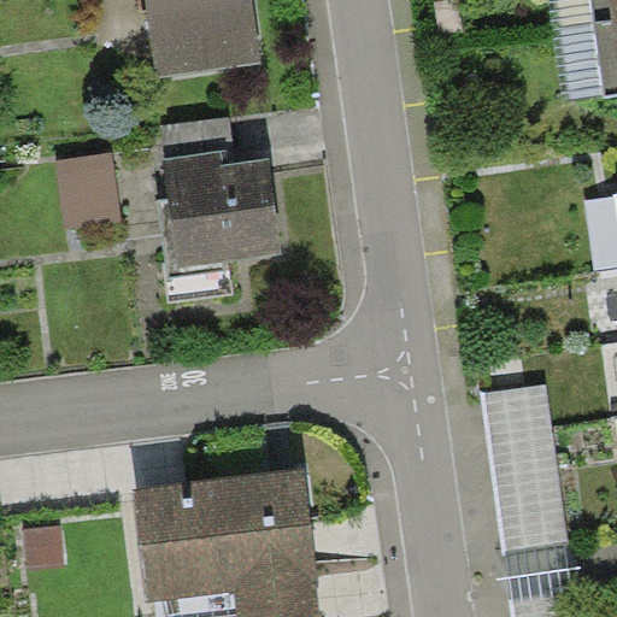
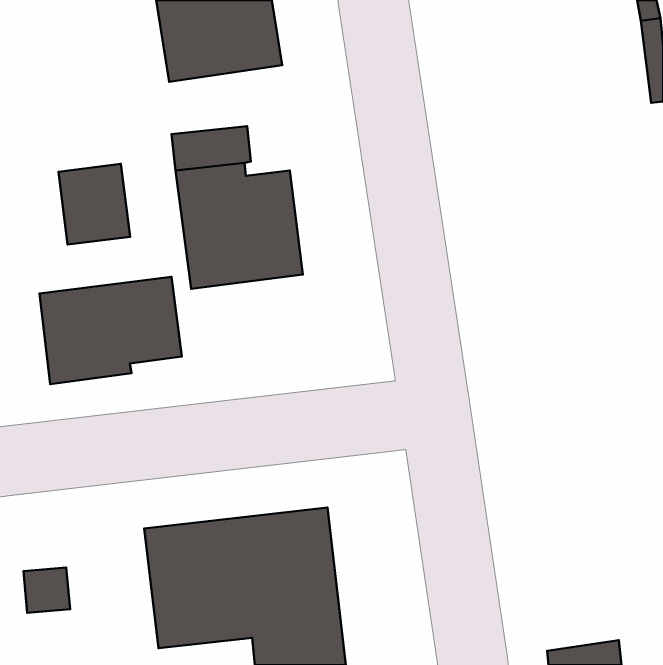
building: none -> [39,277,182,384]
building: [480,387,566,556] -> none

